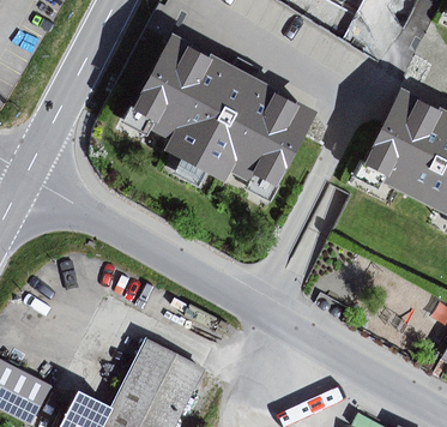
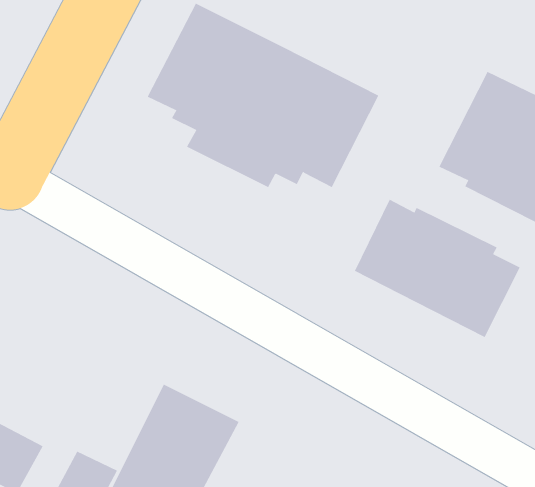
building: none -> [354,199,520,338]

